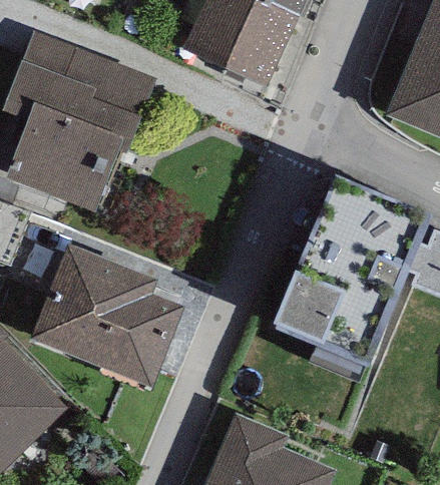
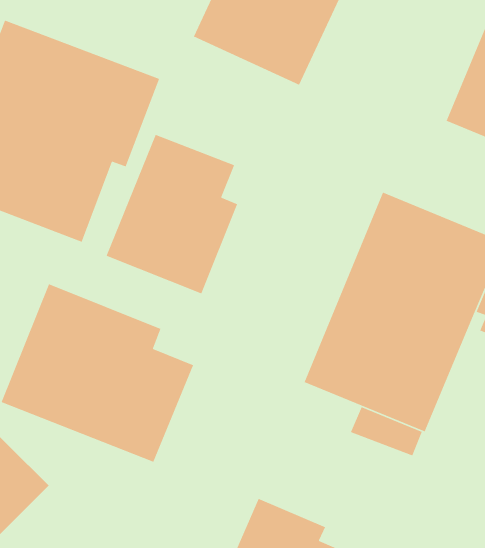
building: none -> [105,134,238,295]

